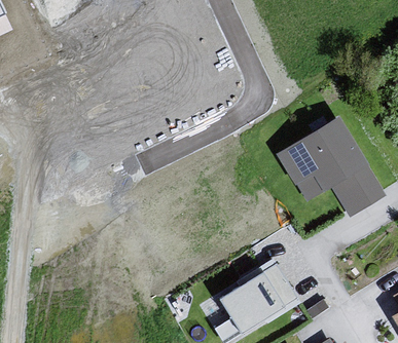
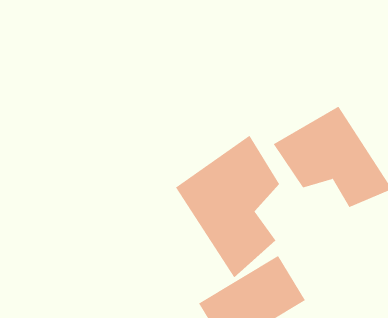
building: none -> [175,135,280,278]

